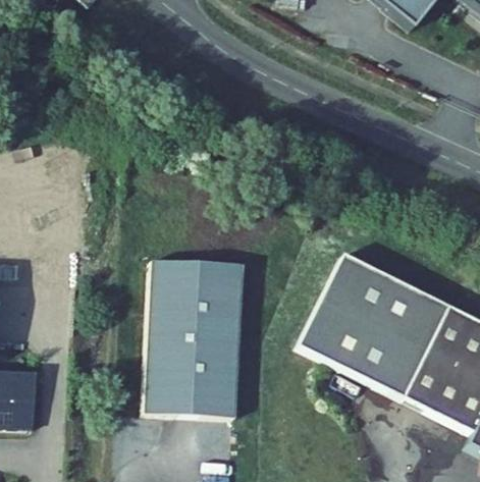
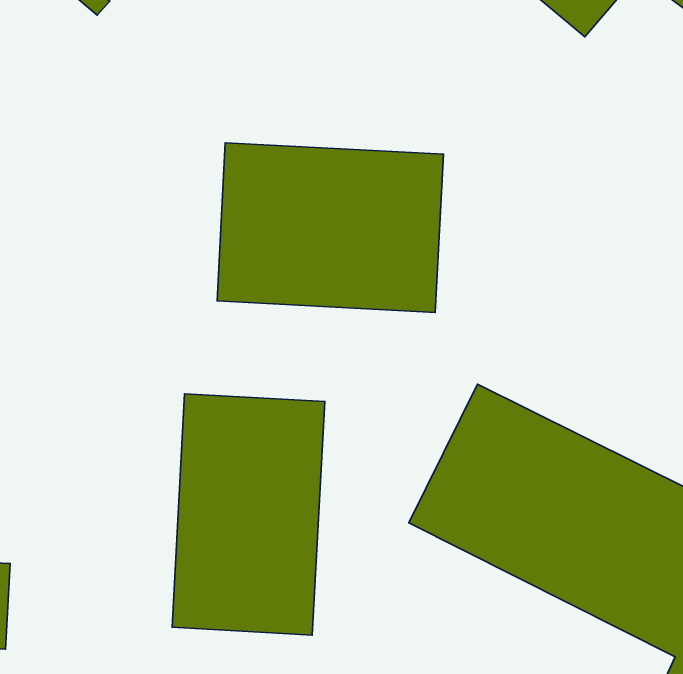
building: none -> [217,143,443,313]

